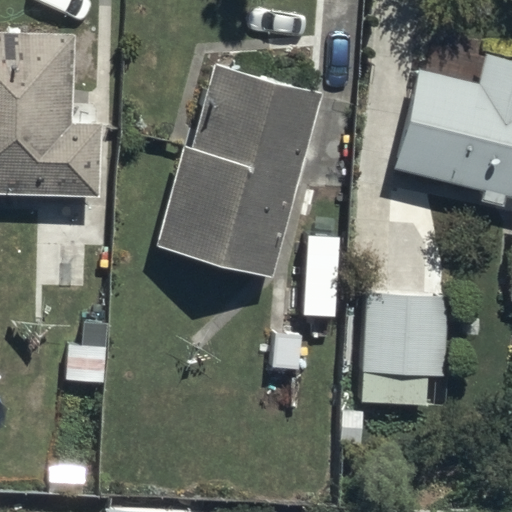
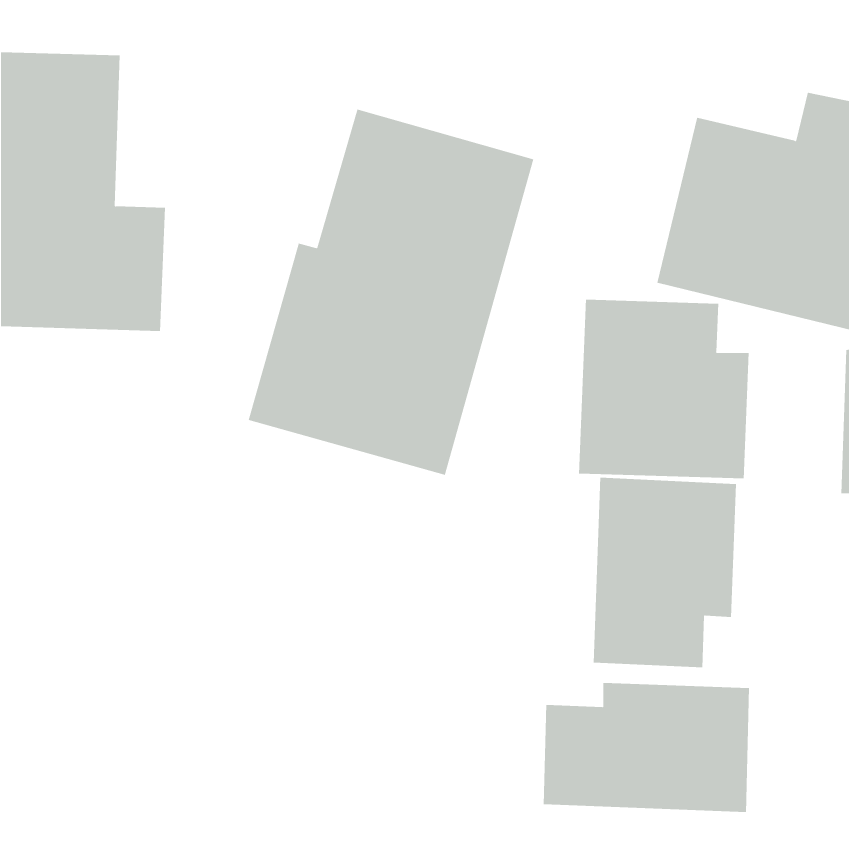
building: none -> [579,299,749,479]
building: none -> [543,682,749,813]

